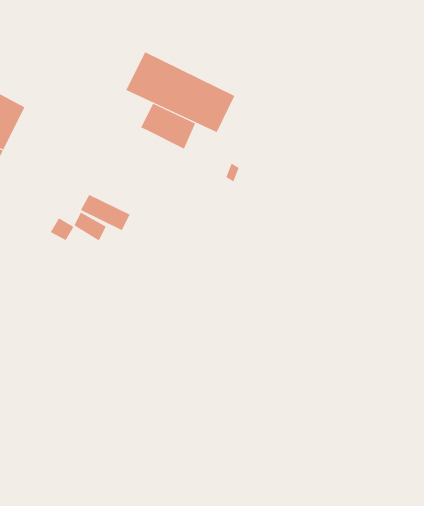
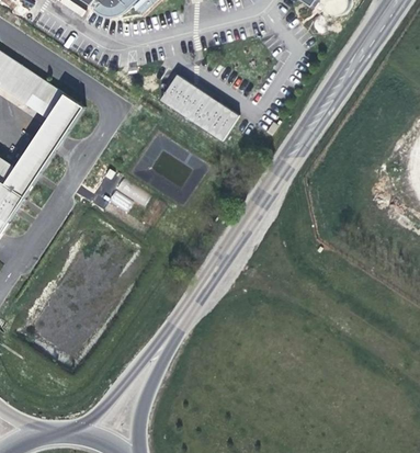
building: [140,103,196,150] -> none

